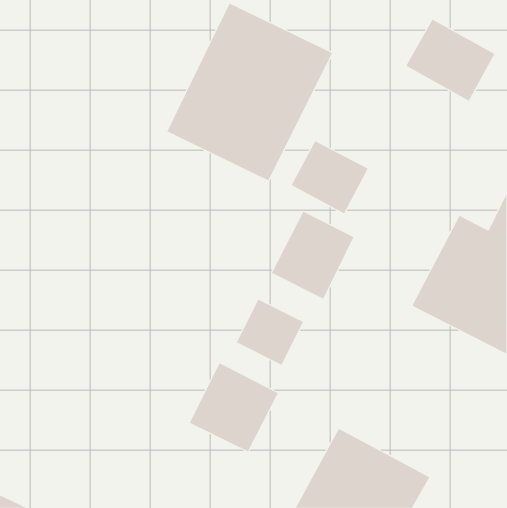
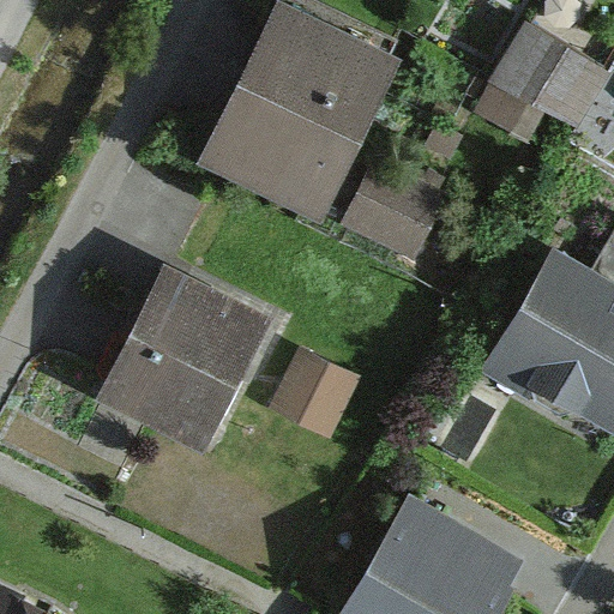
building: [271,211,354,299] -> none
building: none -> [98,267,266,446]
building: [189,362,279,452] -> none

